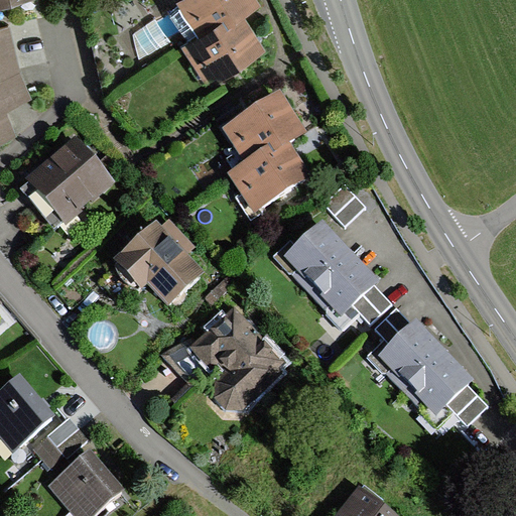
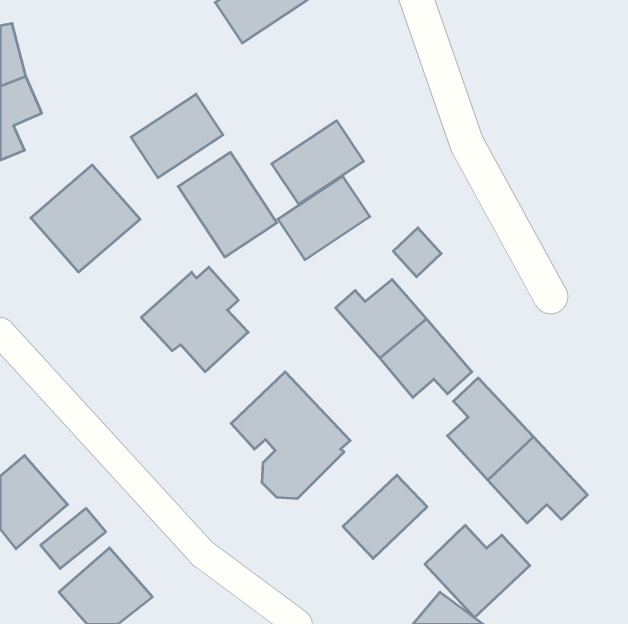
building: [181,12,257,81] -> [131,94,223,178]
building: none -> [178,152,277,257]
building: none -> [343,475,427,559]
building: none -> [425,525,530,618]

